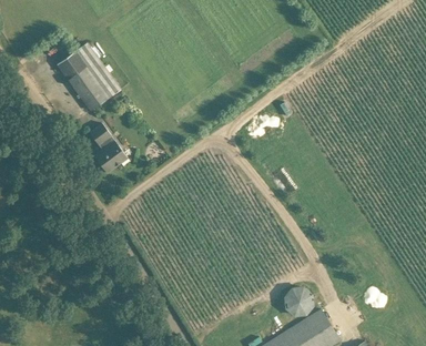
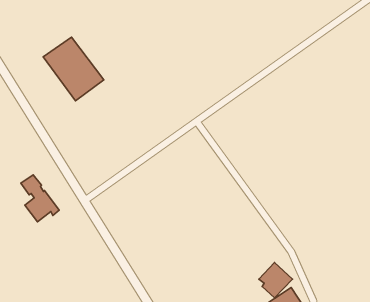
building: [88,123,129,173] -> [21,175,59,222]

